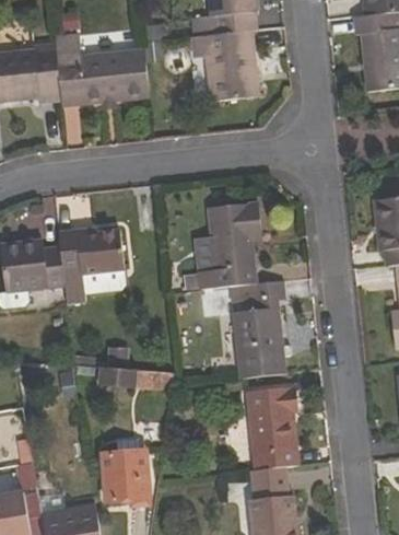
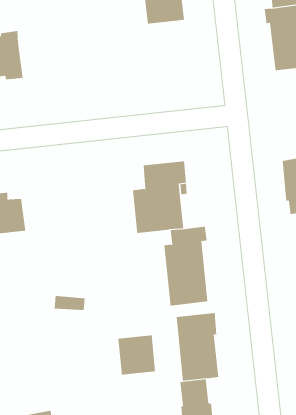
building: [203,31,259,101] -> none
building: [56,48,149,107] -> none
building: [58,229,124,305] -> none
building: [103,452,150,501] -> [117,335,156,375]

